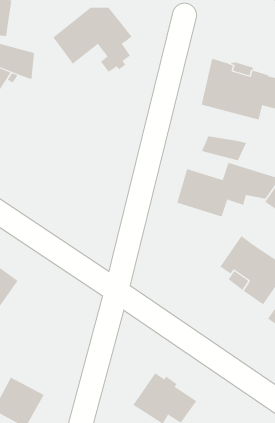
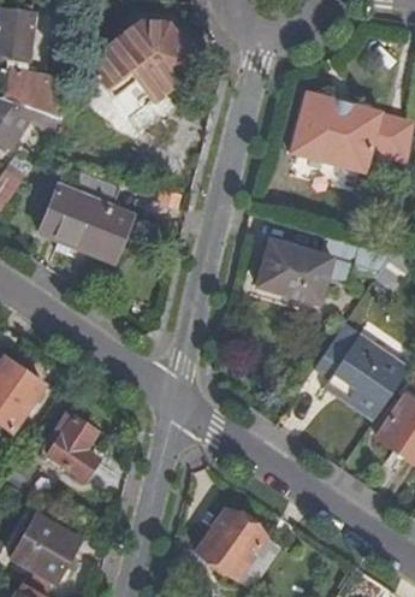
building: none -> [38,172,131,262]
building: [201,136,247,161] -> none
building: none -> [51,418,100,481]

